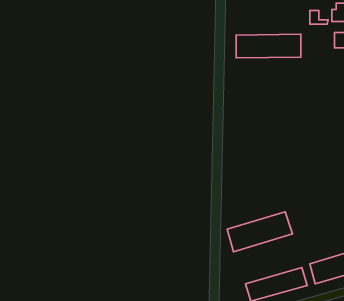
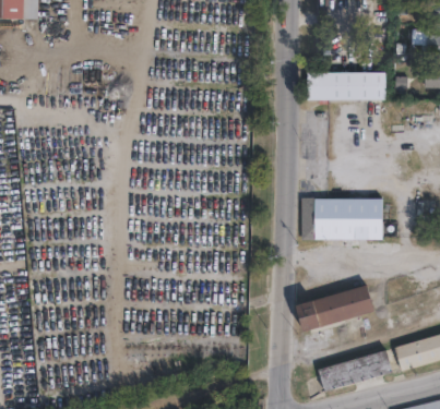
building: none -> [302,196,383,238]

